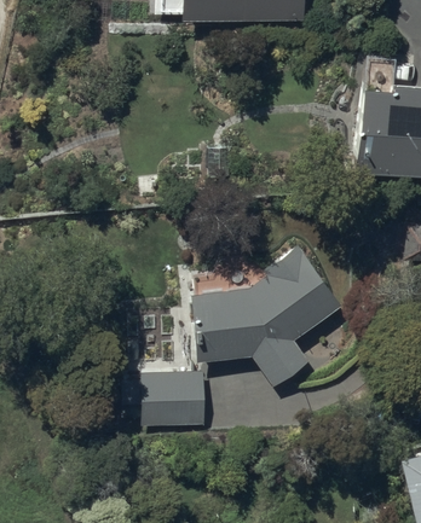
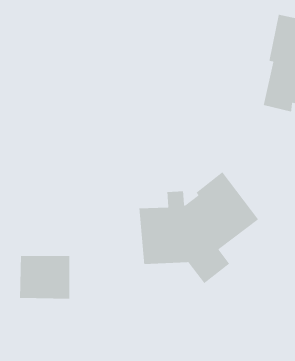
building: [139,376,203,431] -> [19,255,70,299]

